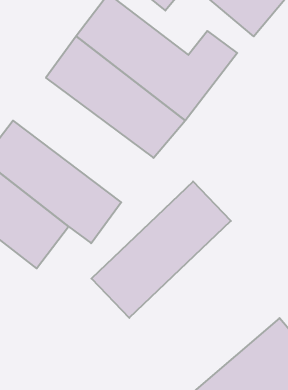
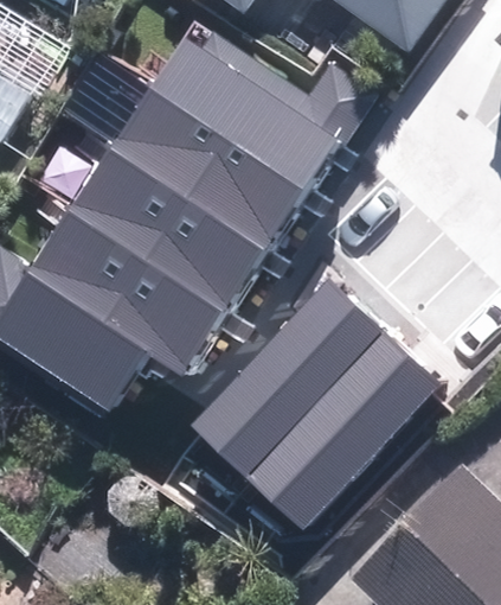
building: none -> [68,146,269,314]
building: none -> [249,331,441,529]

